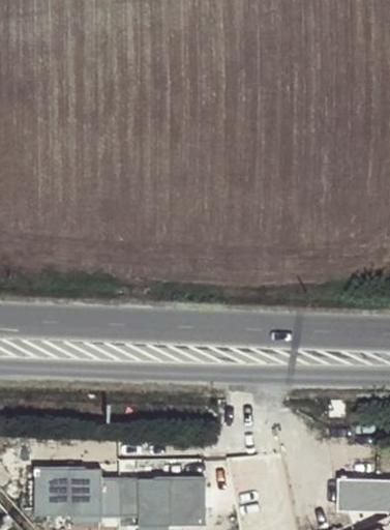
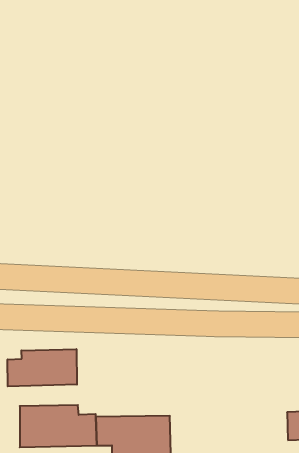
building: none -> [8,349,77,386]

